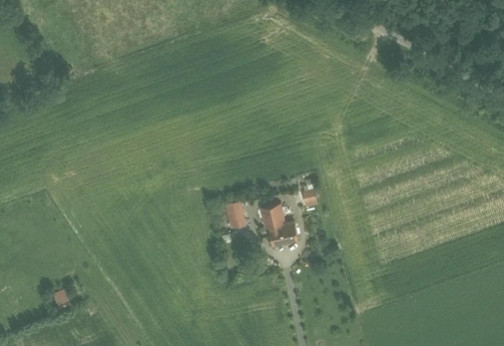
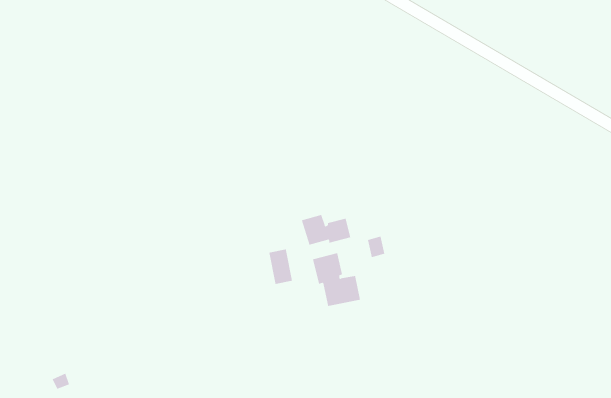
building: none -> [301,214,351,246]

